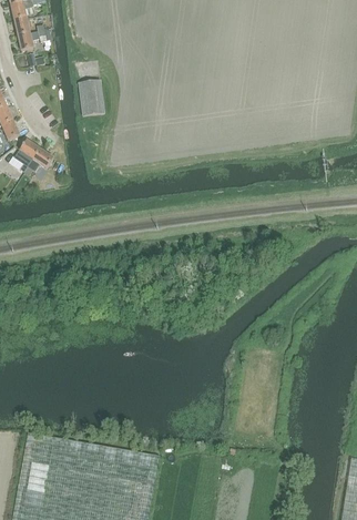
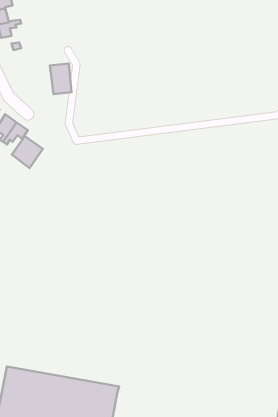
building: none -> [12,136,43,168]

